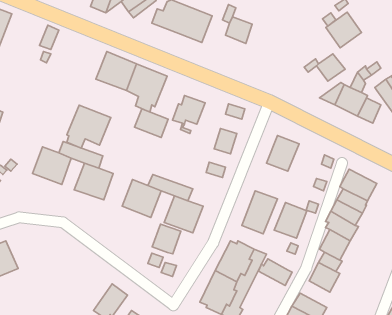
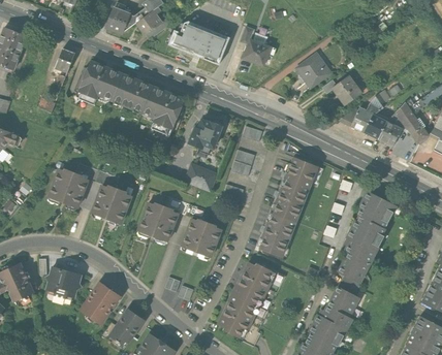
building: [326,12,362,48] -> [295,53,332,89]
building: [67,105,111,148] -> [78,61,123,104]
building: [135,109,168,137] -> [184,161,218,190]
building: [274,203,307,238] -> [273,186,306,222]
building: [152,224,181,254] -> none
building: none -> [46,266,81,296]
building: none -> [81,282,120,325]
building: [258,259,292,285] -> [318,304,352,331]

